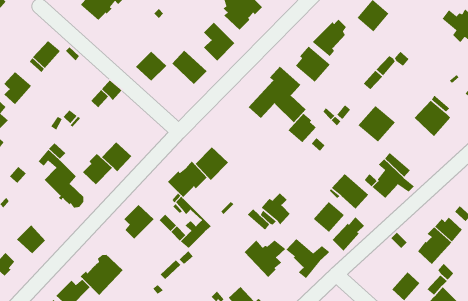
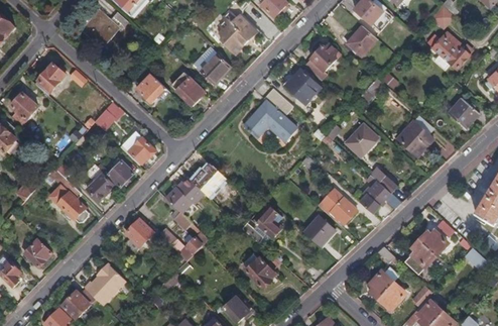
building: none -> [122,131,155,164]
building: [288,113,317,143] -> none
building: [332,216,365,251] -> [368,266,399,300]
building: [286,238,330,279] -> none

